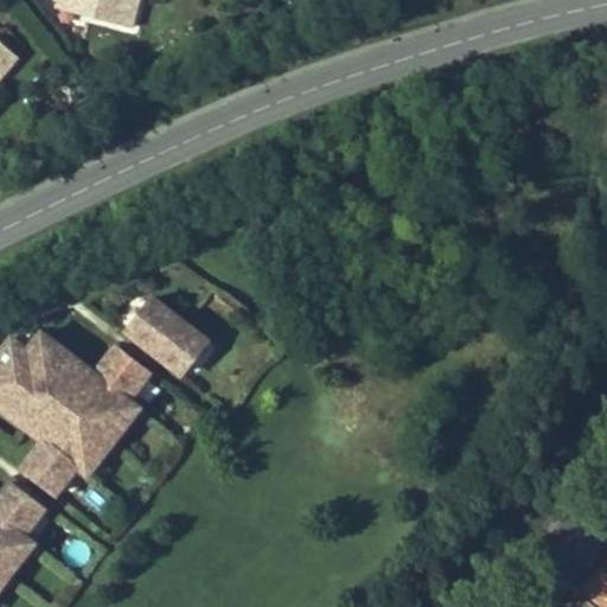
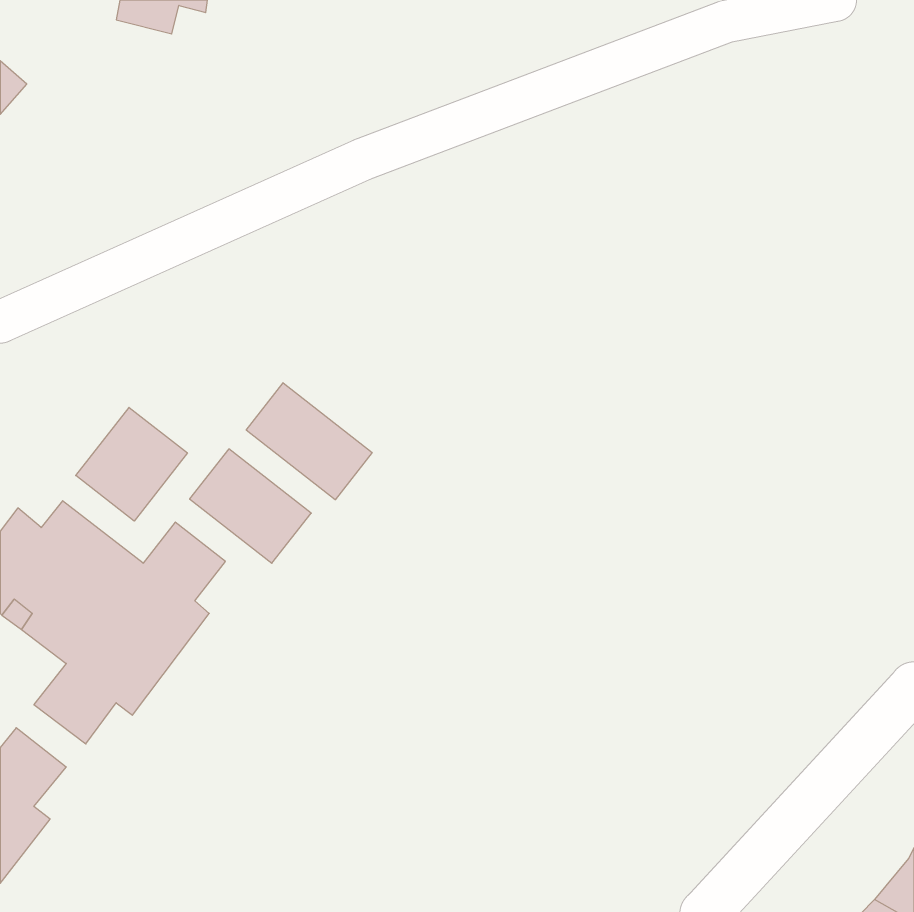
building: none -> [246,383,372,500]
building: none -> [76,407,187,521]

